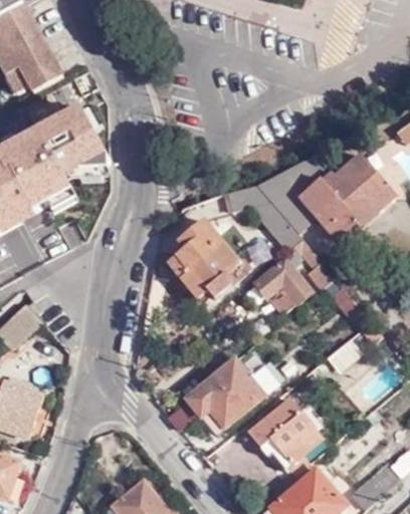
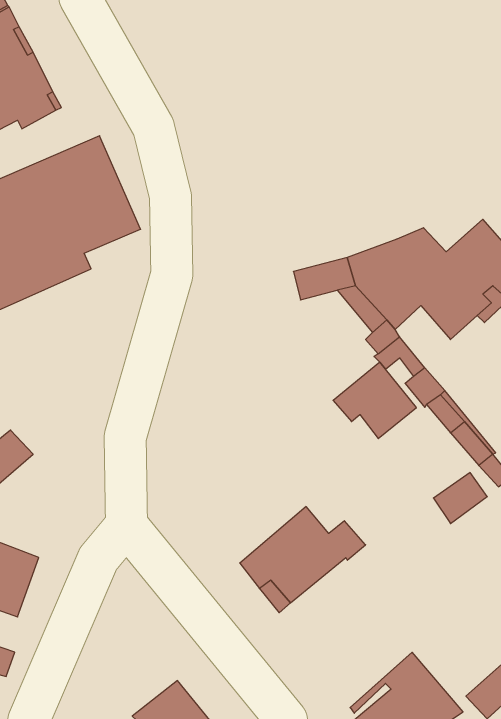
building: [166,216,250,299] -> none
building: [248,400,322,468] -> none

